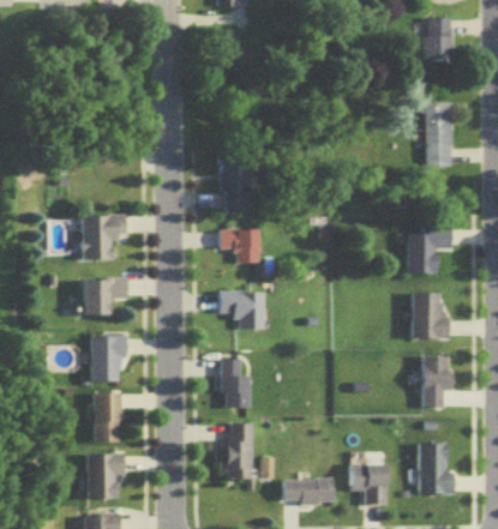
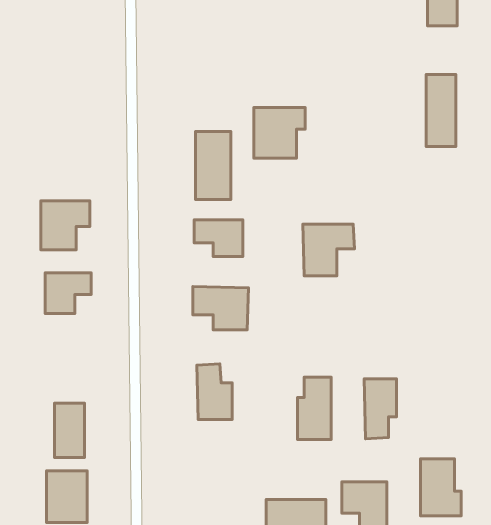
building: none -> [254,107,305,158]
building: [406,229,451,275] -> [303,224,354,276]
building: [412,294,449,337] -> none
building: [91,337,125,383] -> none
building: [421,355,450,408] -> [364,379,397,439]
building: [223,422,253,477] -> [297,377,331,440]

